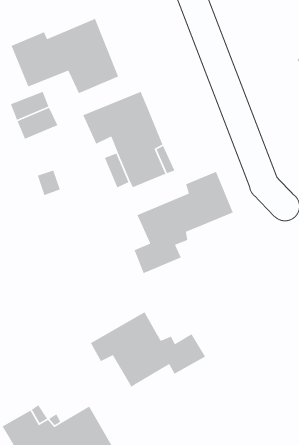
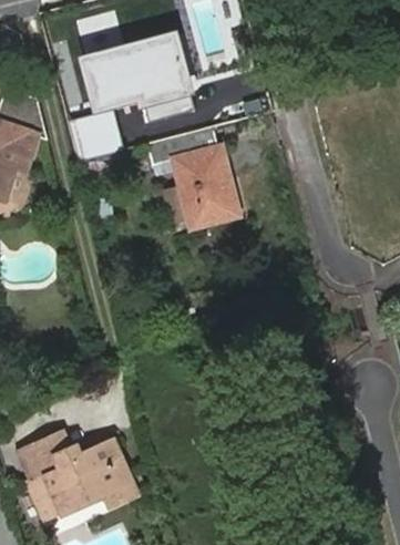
building: [134,171,234,274] -> none
building: [90,311,206,388] -> none

